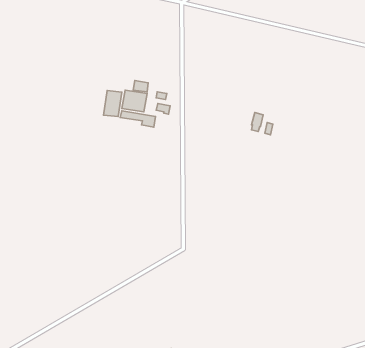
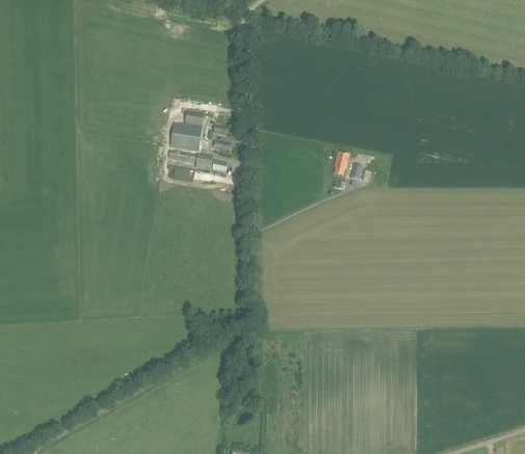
building: [103,91,122,117] -> none

